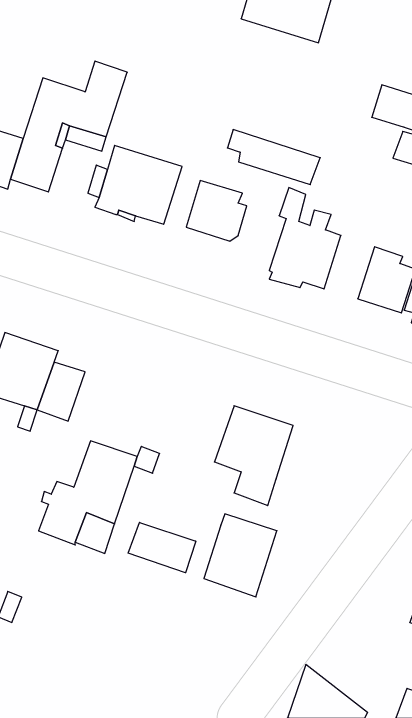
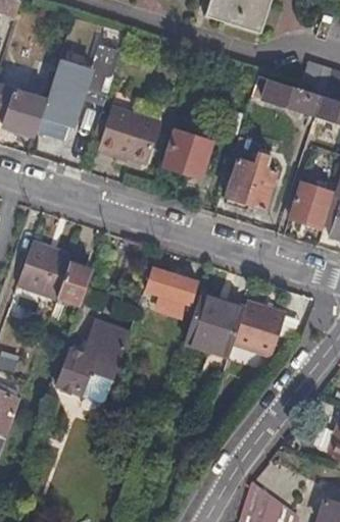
building: [227,130,320,185] -> [255,75,323,115]
building: none -> [135,268,198,321]
building: [204,514,277,597] -> [231,301,284,361]
building: [128,522,196,573] -> none

